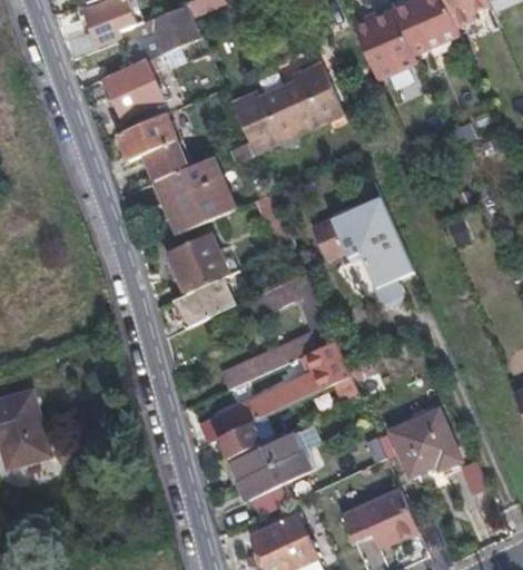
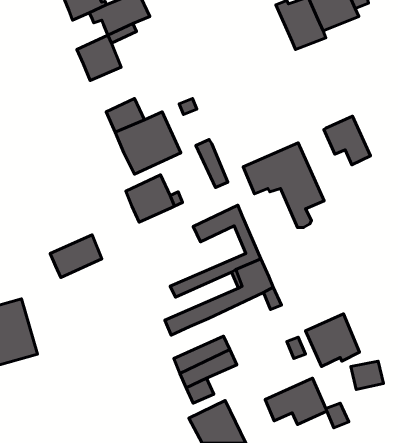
building: [236,62,345,153] -> none
building: [119,111,176,159] -> none
building: none -> [324,116,370,165]
building: [169,275,234,328] -> [50,235,102,278]
building: [213,413,277,460] -> none

